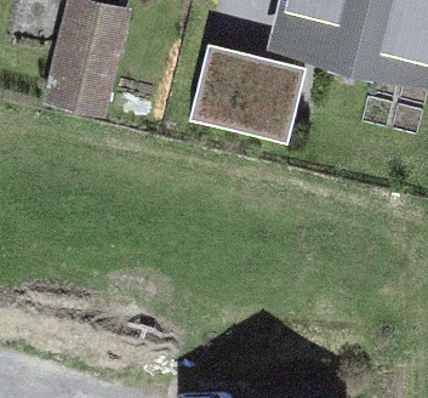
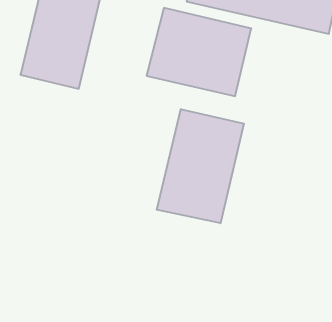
building: none -> [157,109,244,223]

